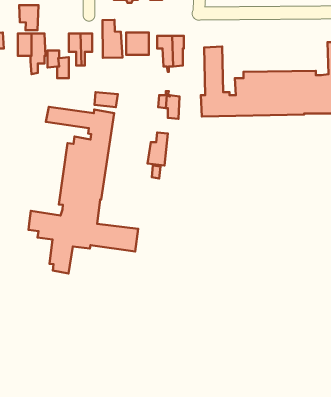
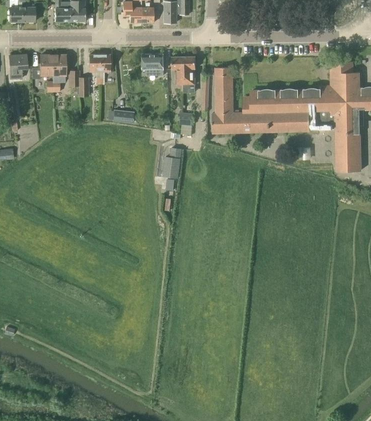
building: [19,5,38,30] -> none
building: [102,20,122,58] -> none
building: [28,107,138,274] -> none

